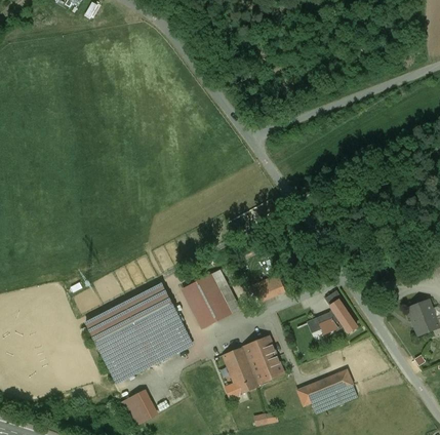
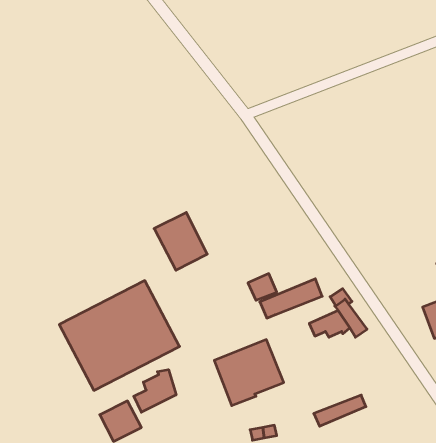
building: [183,275,230,326] -> [154,212,207,270]
building: none -> [134,370,176,412]
building: [297,369,353,404] -> [260,279,322,318]

